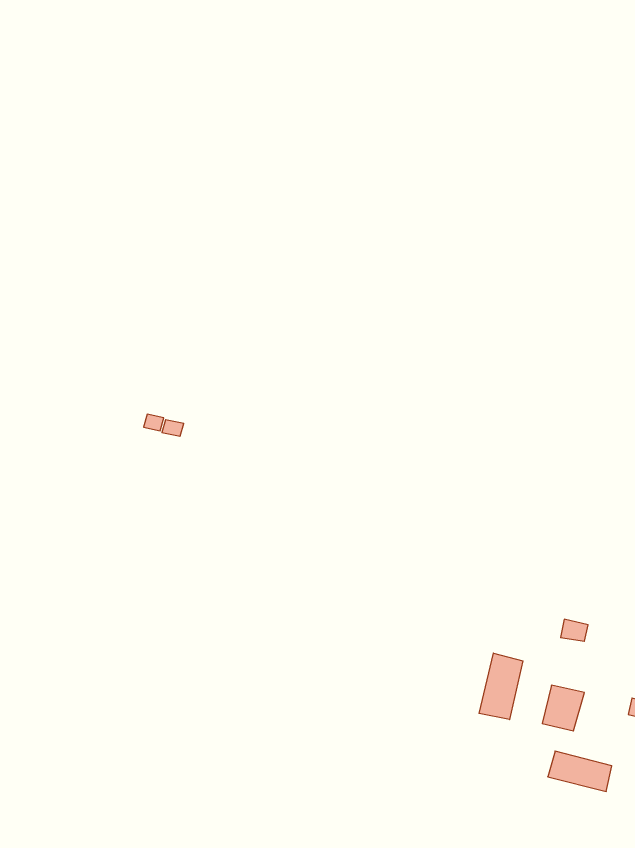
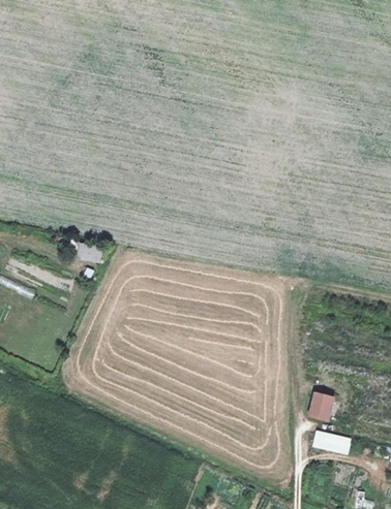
building: [479,653,523,720] -> none

